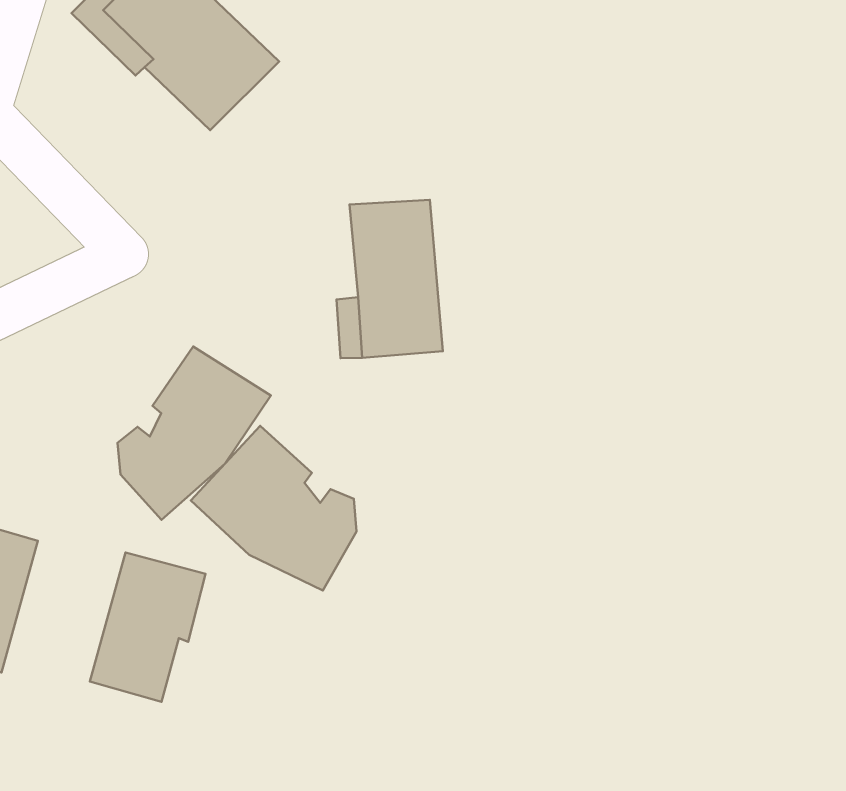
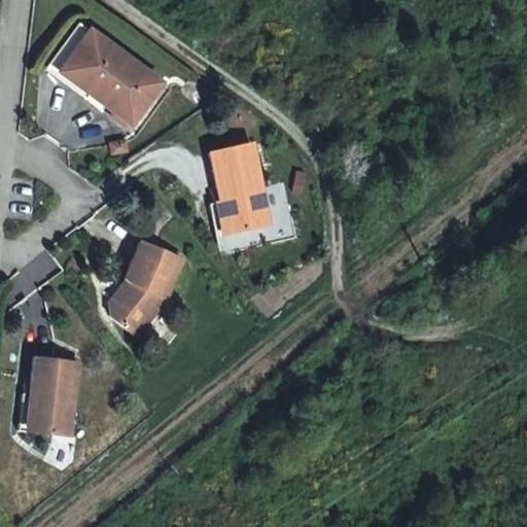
building: [191,426,357,591] -> none
building: [90,552,205,702] -> none

